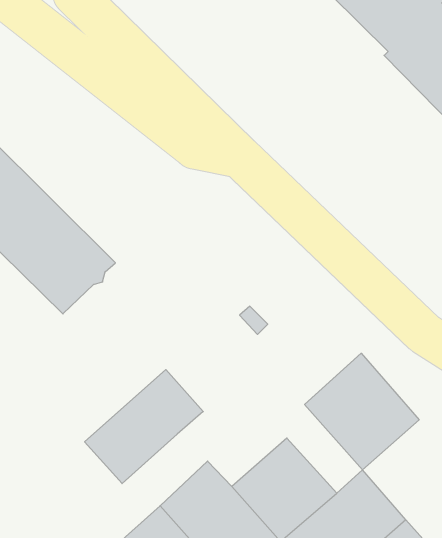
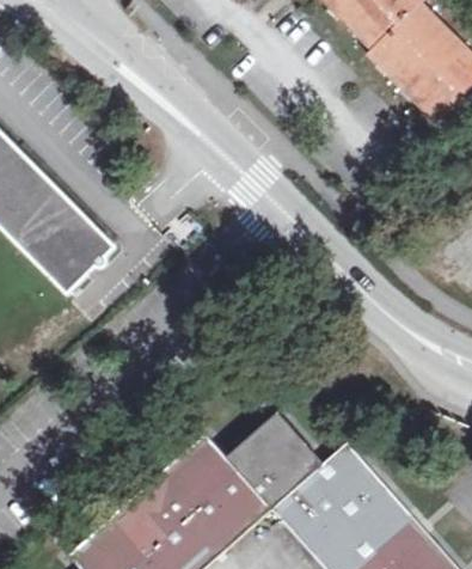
building: [305,353,419,470] -> none
building: [85,370,203,484] -> none

